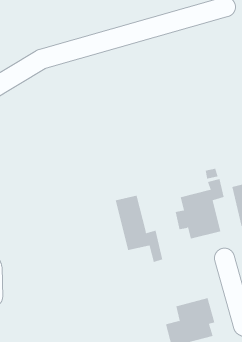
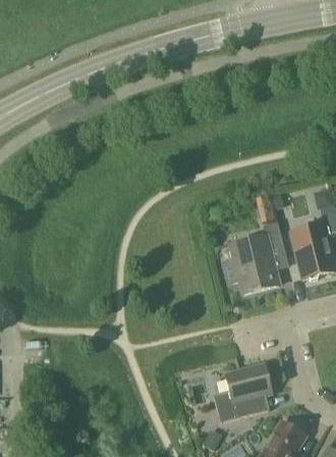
building: [115,195,163,263] -> none

